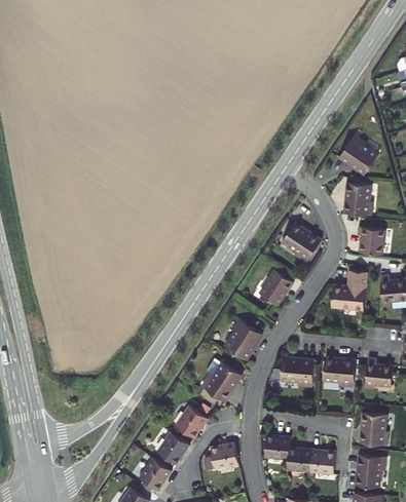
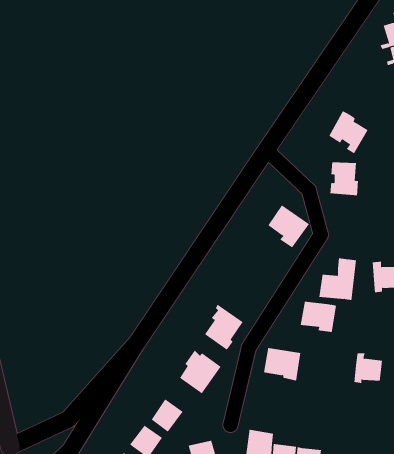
building: [359,226,385,252] -> none
building: [262,267,297,304] -> none
building: [321,358,356,388] -> [300,301,337,333]
building: [360,412,389,445] -> none

